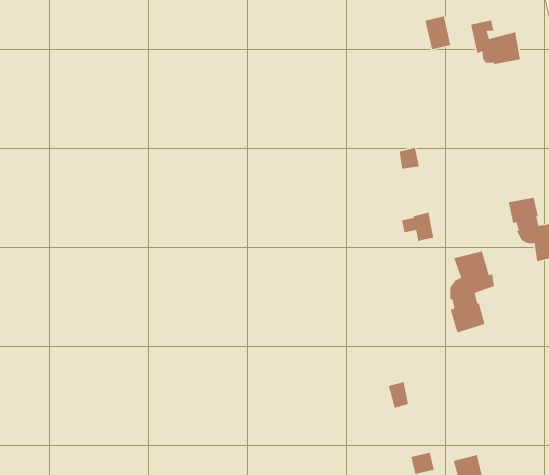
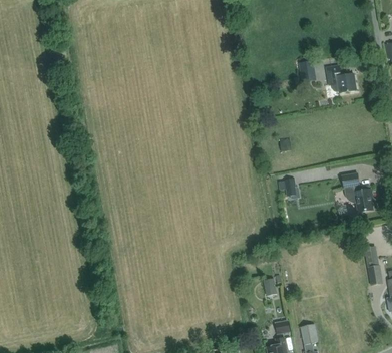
building: [449,250,495,334] -> none

